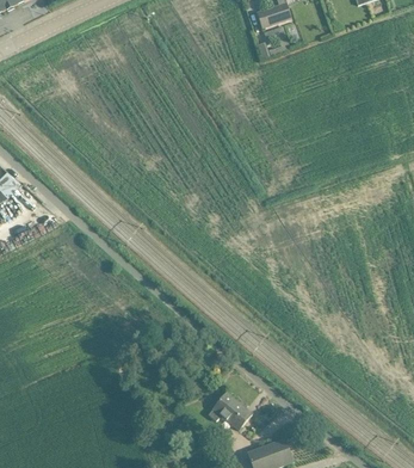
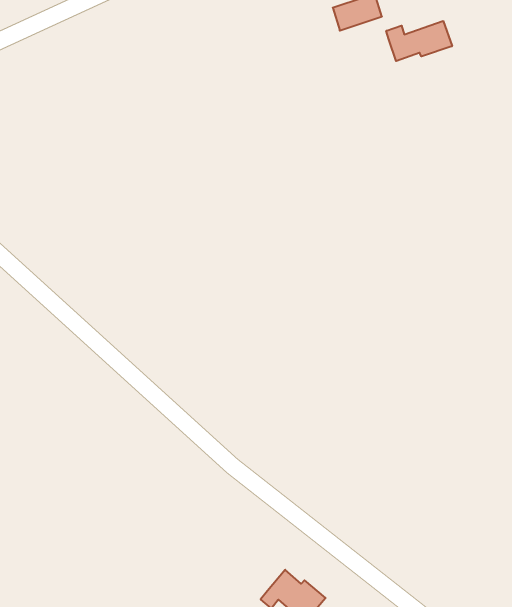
building: none -> [386,21,452,61]

